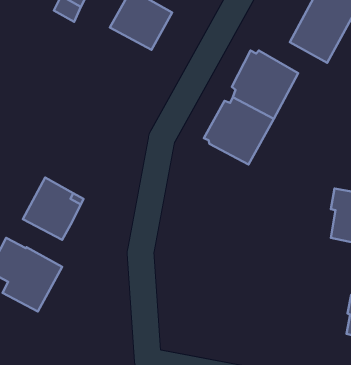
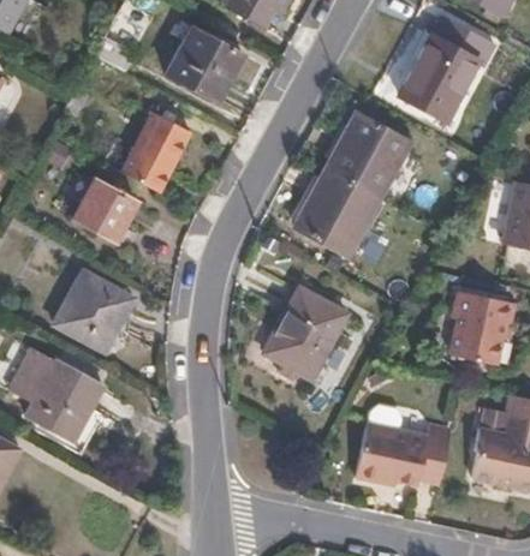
building: none -> [124,114,191,195]
building: none -> [75,180,135,241]
building: none -> [264,289,349,379]
building: none -> [355,397,451,477]

